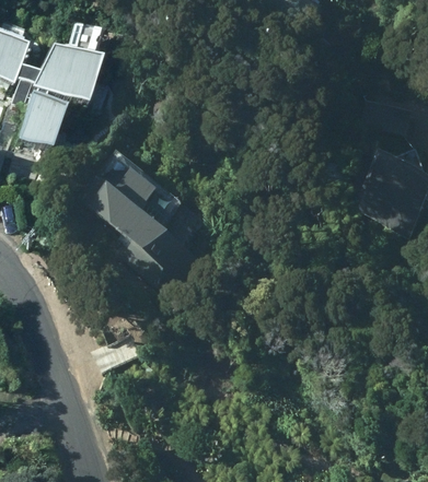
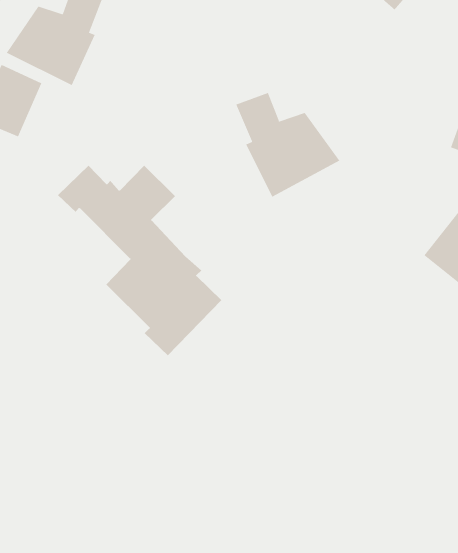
building: none -> [235,92,340,198]

